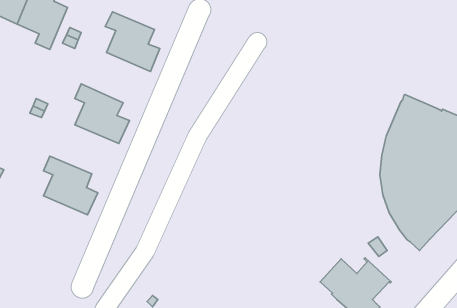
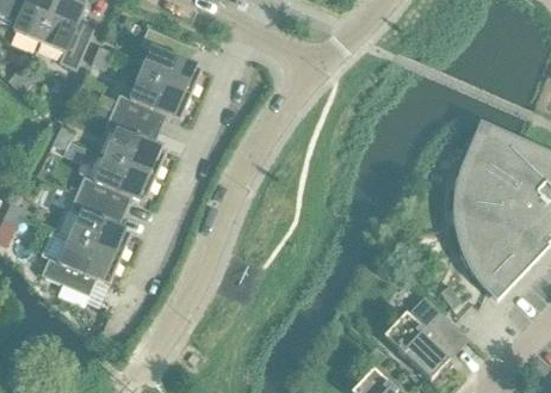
building: none -> [111,73,190,130]
building: none -> [75,155,154,211]
building: none -> [39,237,118,295]

